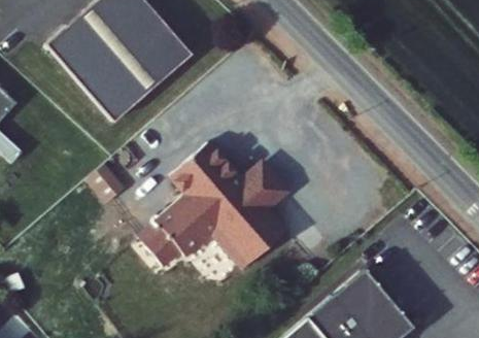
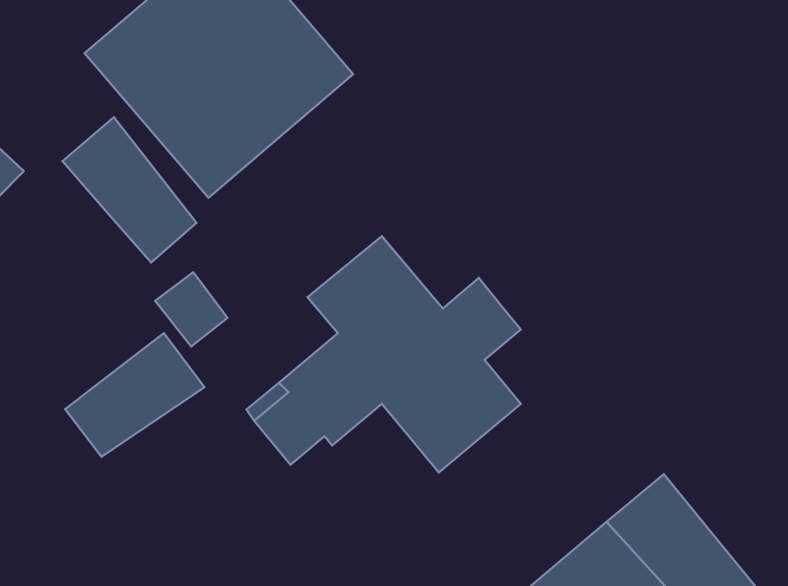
building: none -> [63,117,196,263]
building: none -> [65,333,204,457]

